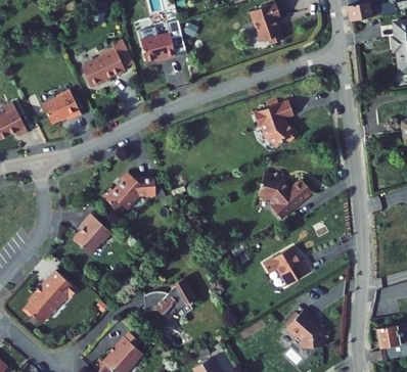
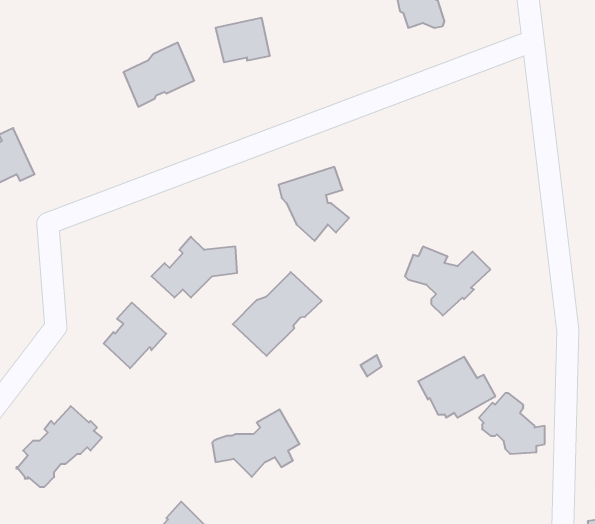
building: [45,91,84,125] -> none
building: [256,100,300,146] -> [278,167,349,241]
building: none -> [233,272,322,356]
building: [292,305,333,342] -> [479,393,545,454]

